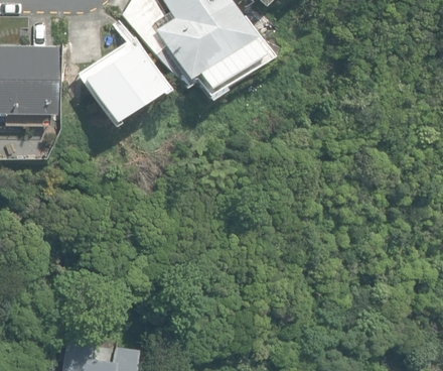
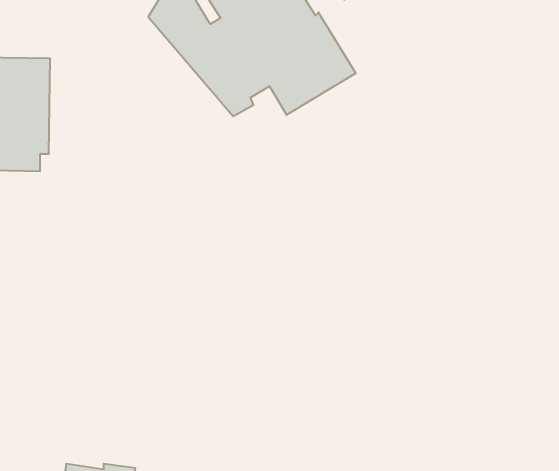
building: [86,46,164,122] -> none

